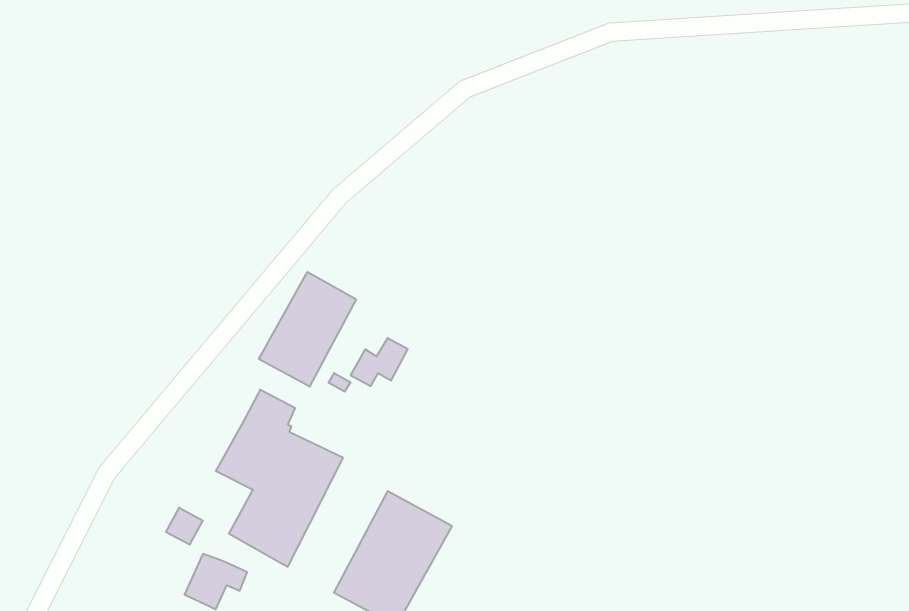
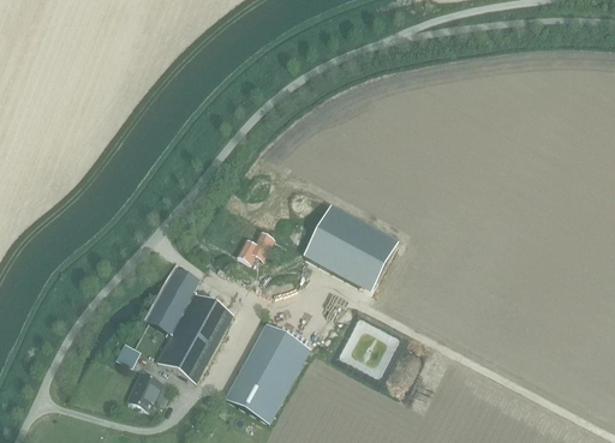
building: [259,272,356,387] -> none
building: none -> [305,209,384,285]

